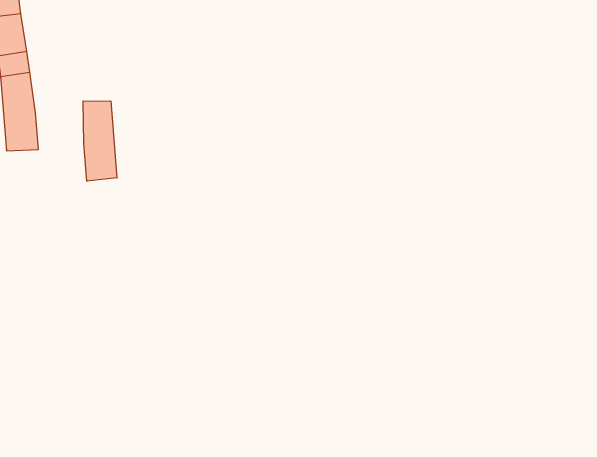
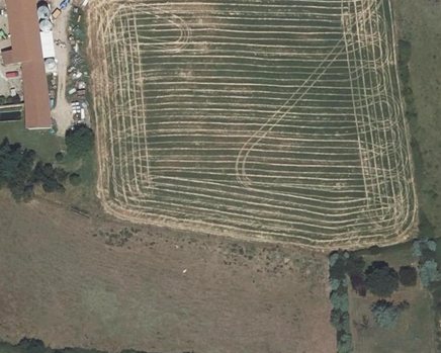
building: [83,101,117,181] -> none

